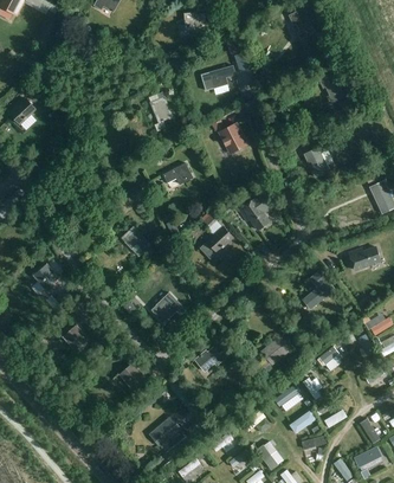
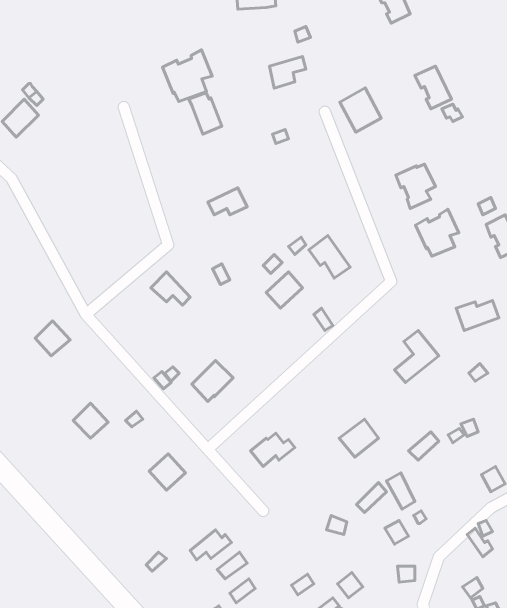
building: none -> [162,50,212,102]
building: [218,122,248,155] -> [340,88,381,132]
building: none -> [416,209,459,256]

